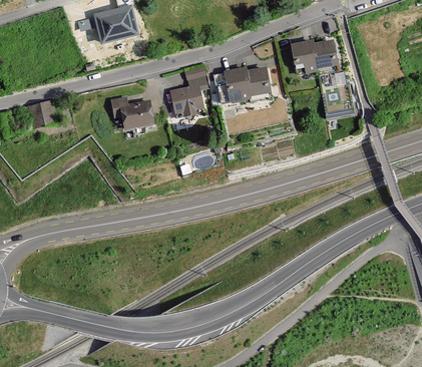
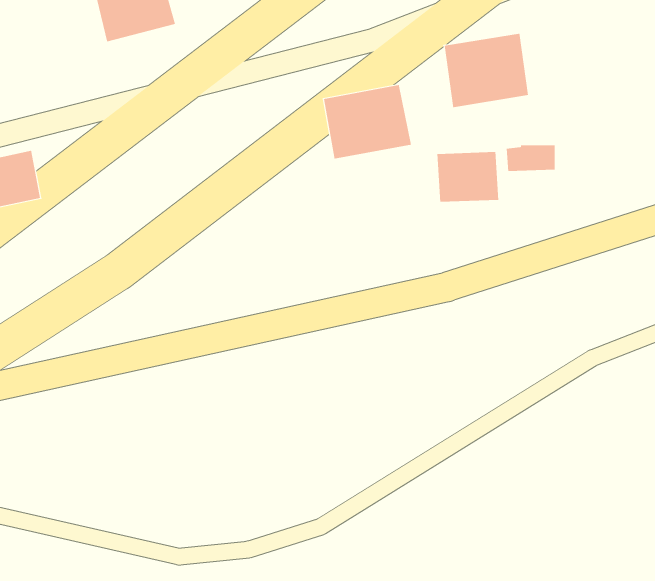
building: [169,74,208,116] -> none
building: [105,92,157,129] -> none
building: none -> [437,151,499,203]

